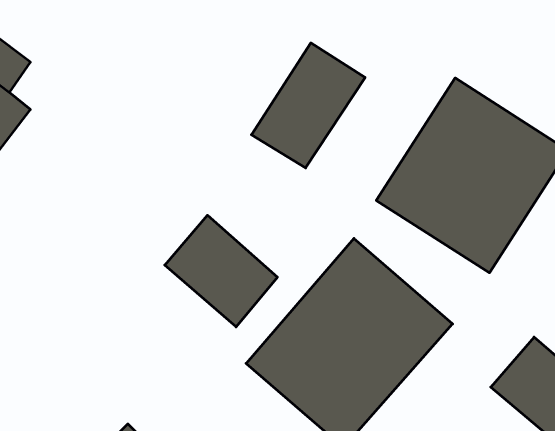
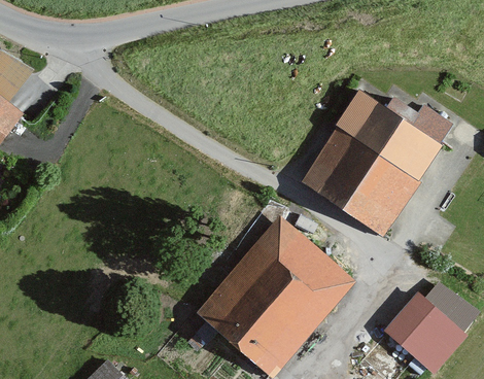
building: [251,43,365,168] -> none
building: [165,215,277,327] -> none

